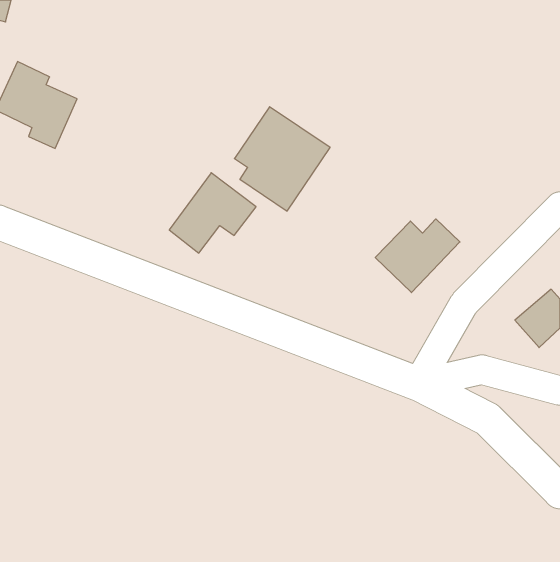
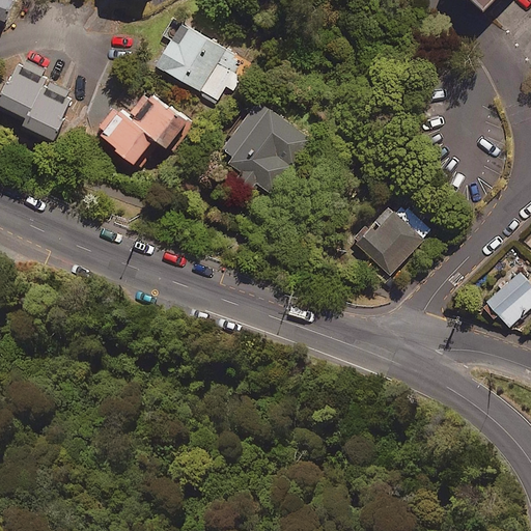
building: none -> [152,19,249,101]
building: [169,173,256,253] -> [105,89,187,165]

